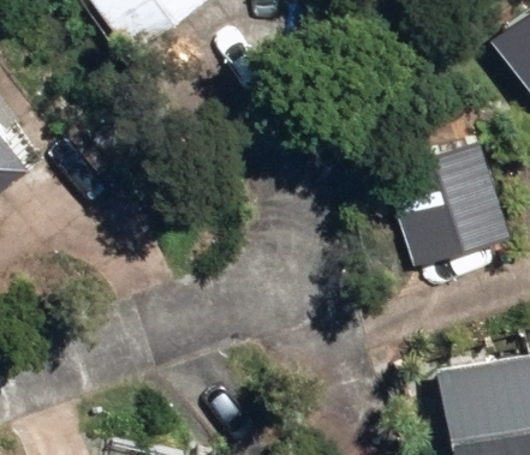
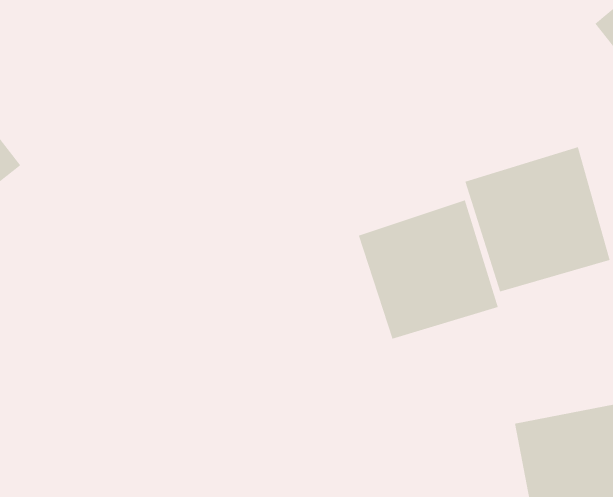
building: none -> [358,200,498,339]

